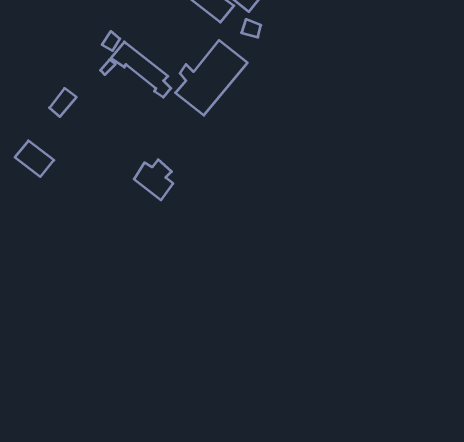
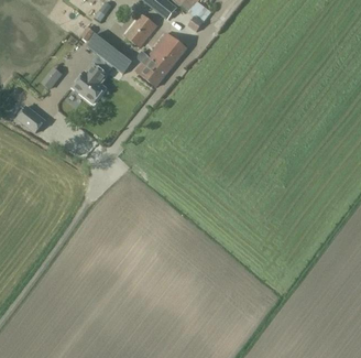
building: none -> [123,14,155,47]
building: [134,160,173,200] -> [83,70,111,100]

